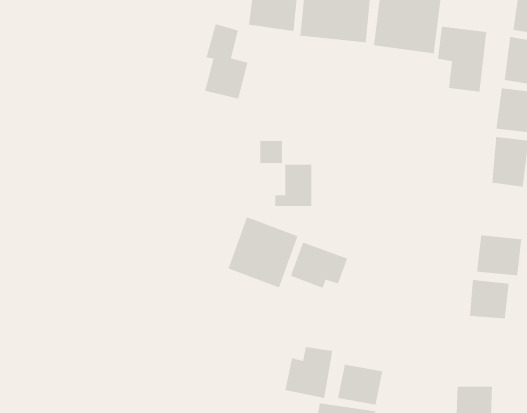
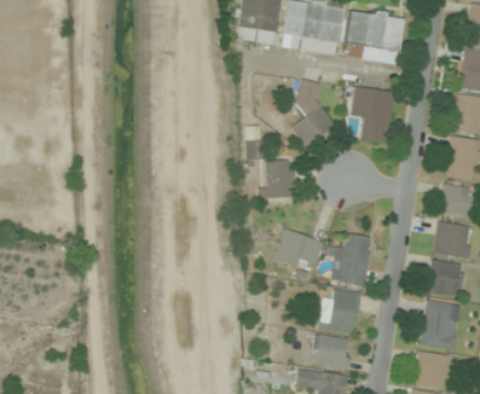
building: [204,23,249,100] -> [293,77,331,144]
building: [437,26,487,93] -> [351,85,394,143]
building: none -> [439,182,473,218]
building: [227,216,299,288] -> none
building: none -> [328,233,371,285]
building: none -> [421,299,457,349]
building: [284,346,333,399] -> [318,289,360,335]

